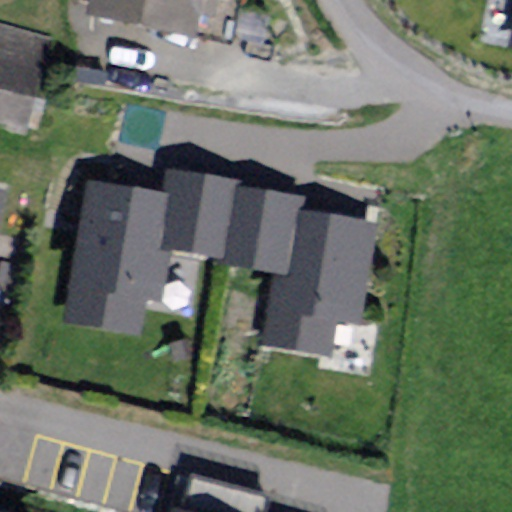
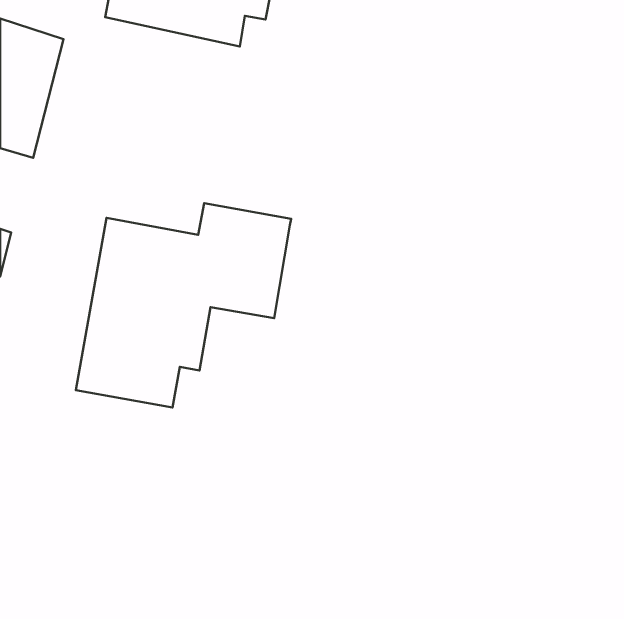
building: [224,184,378,353] -> none

